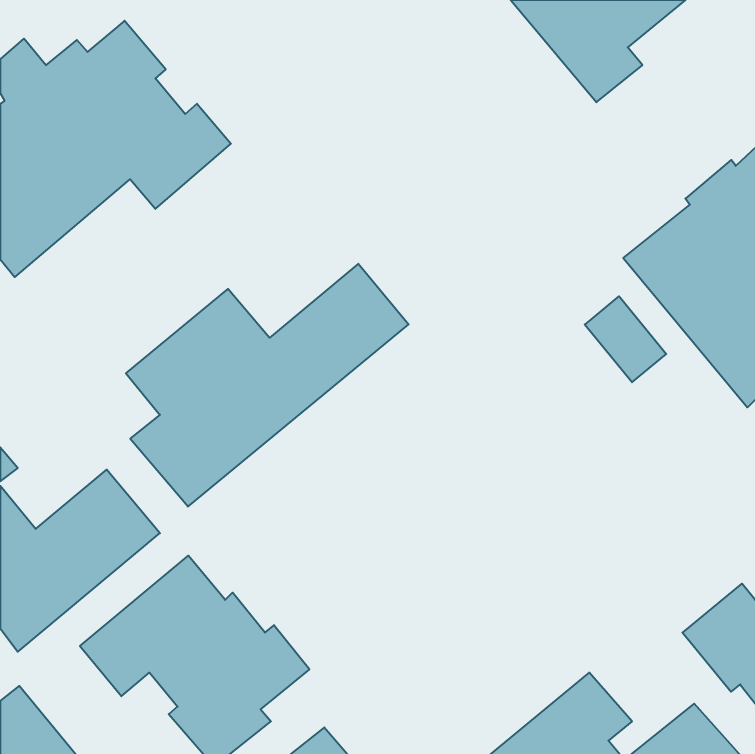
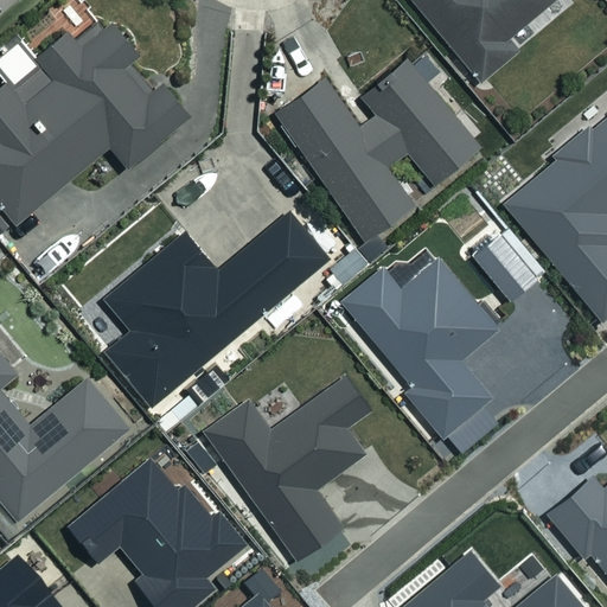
building: none -> [275,59,474,239]
building: none -> [338,263,497,460]
building: none -> [205,369,375,555]

